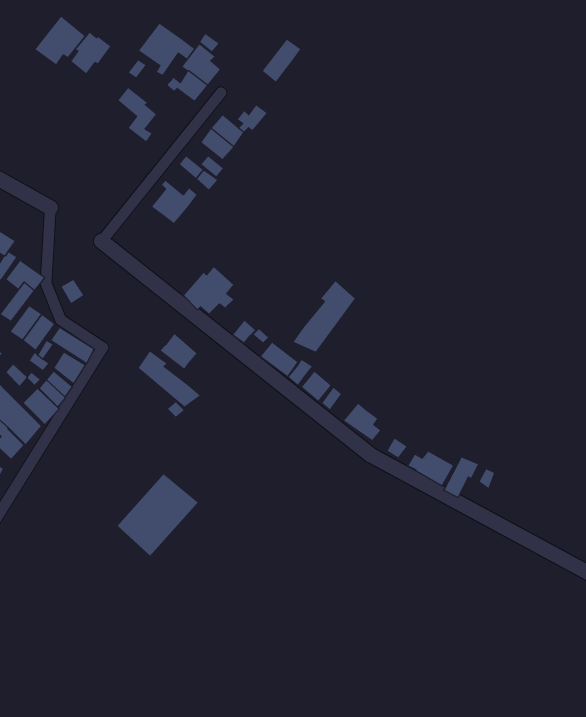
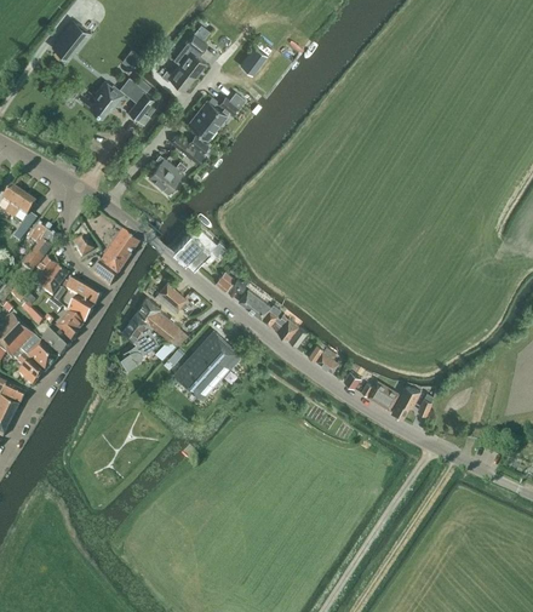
building: [138,23,195,76] -> none
building: [70,32,111,74] -> [90,80,124,115]
building: none -> [93,229,138,285]
building: [293,280,356,353] -> none
building: none -> [121,311,159,367]
building: [117,473,198,556] -> [174,330,242,399]

